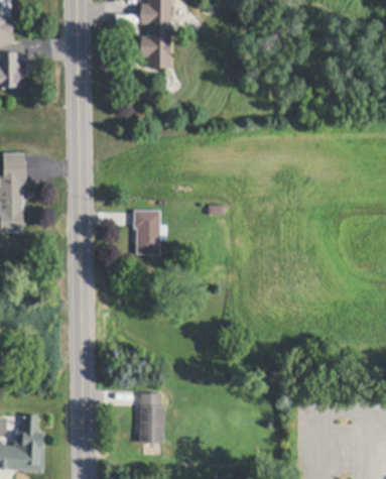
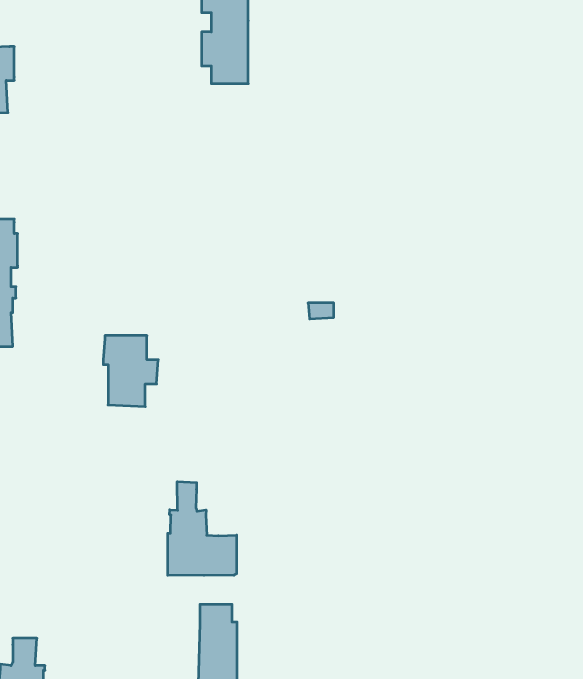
building: [132,210,166,254] -> [103,336,158,407]
building: none -> [168,482,237,575]

